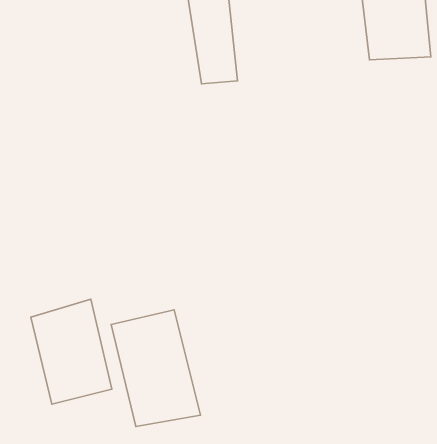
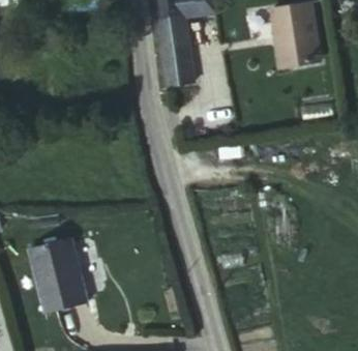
building: [111,310,200,427] -> none

